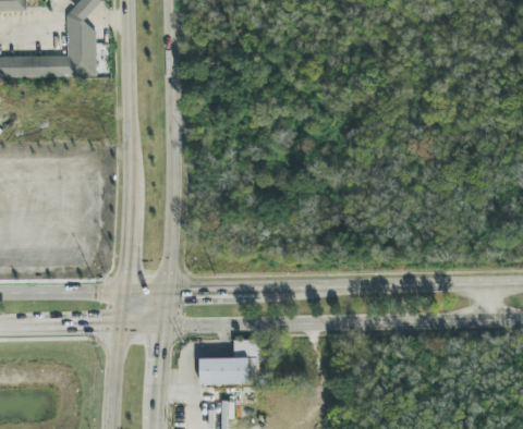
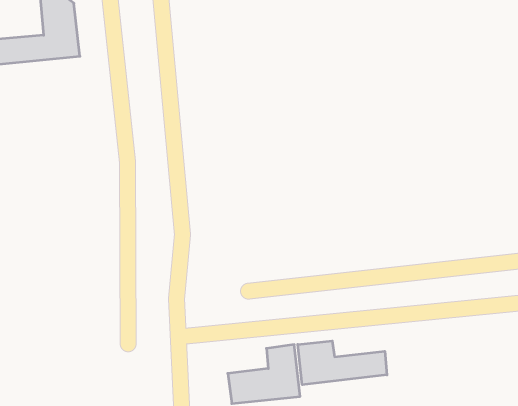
building: none -> [298,341,387,385]

